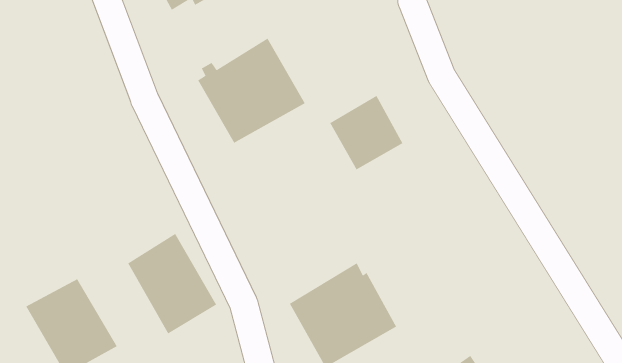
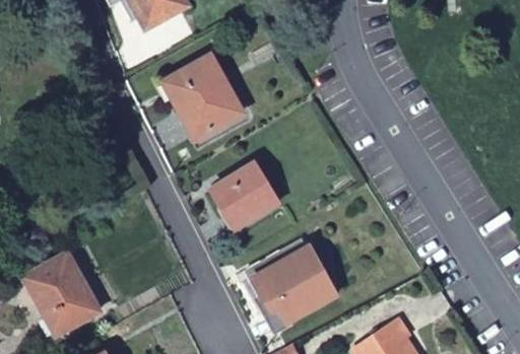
building: [329,95,404,170] -> [216,168,278,231]
building: [127,233,217,335] -> none

